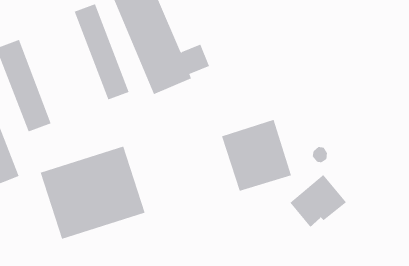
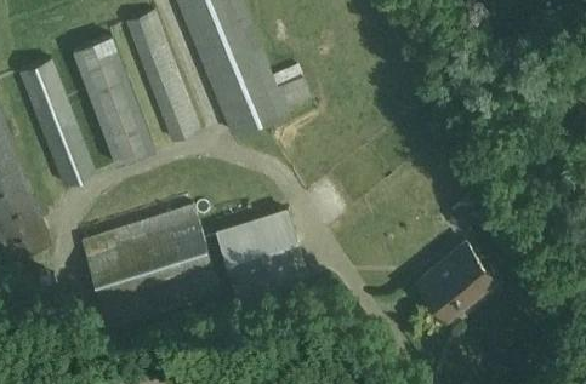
building: none -> [70,33,155,164]
building: [221,119,292,192] -> [214,206,309,304]

